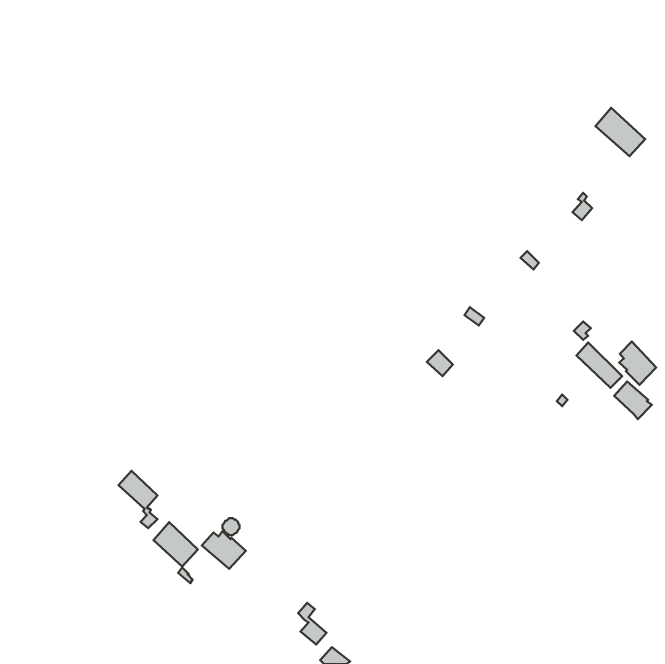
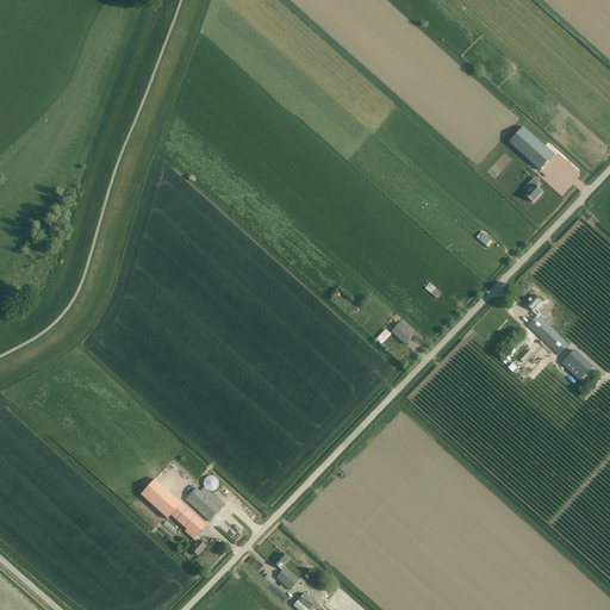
building: [596,108,645,156] -> [509,125,554,169]
building: [619,342,656,385] -> none
building: [118,471,157,528] -> [170,502,206,554]

